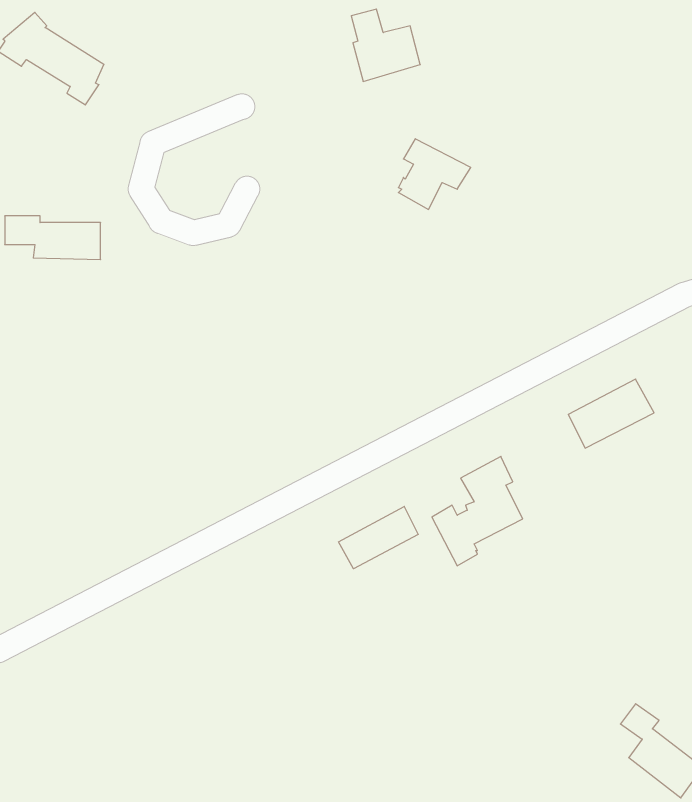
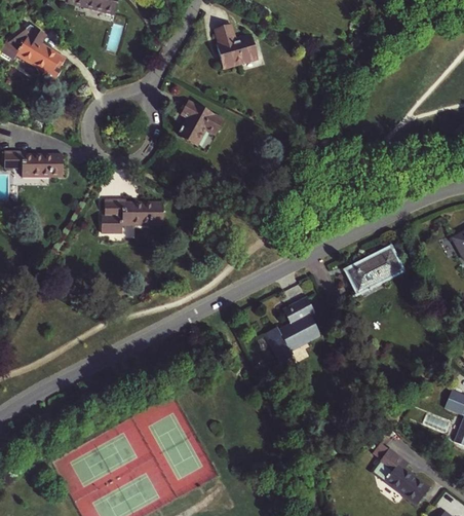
building: [398,139,471,209] -> [179,102,223,145]
building: none -> [102,198,163,232]
building: [339,506,418,569] -> none

